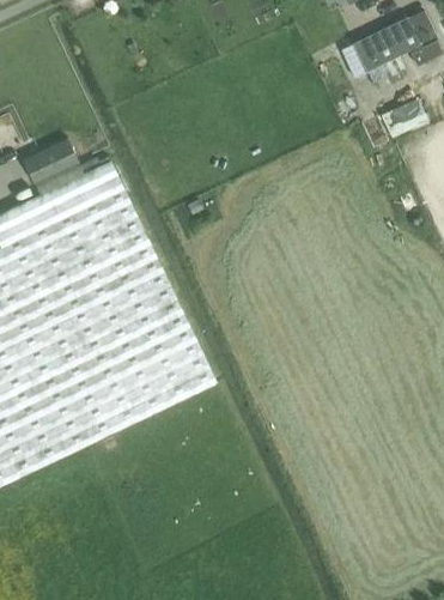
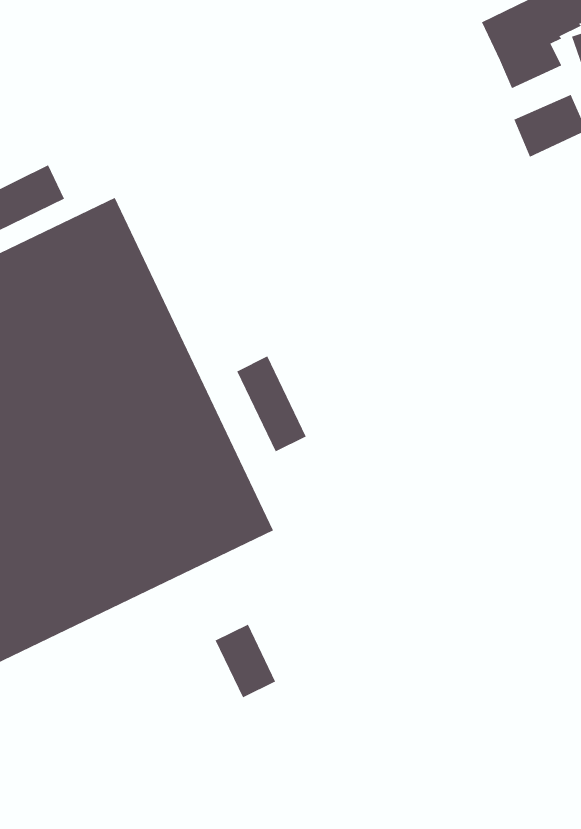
building: none -> [237,356,307,452]
building: none -> [215,624,276,698]

